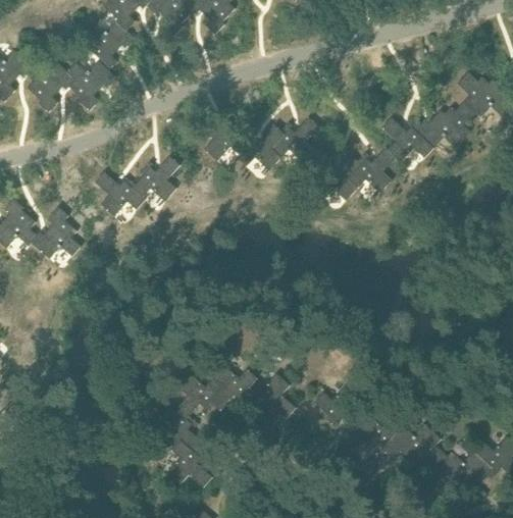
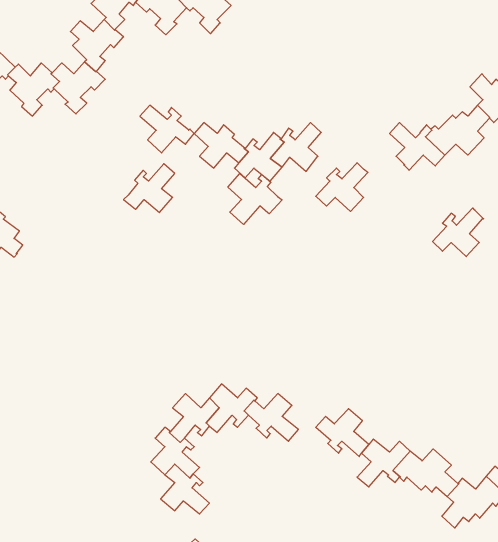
building: [348,146,396,192] -> [433,208,484,257]
building: none -> [228,174,282,224]
building: [97,174,148,219] -> [140,105,194,153]
building: [31,202,81,254] -> none

